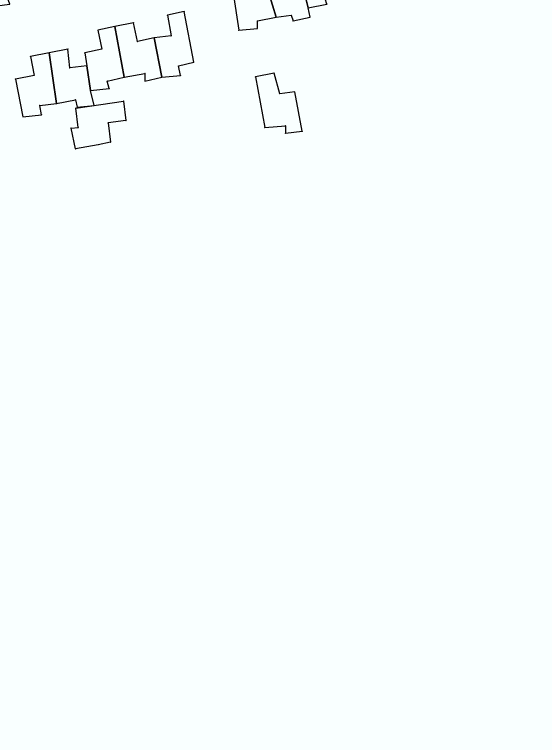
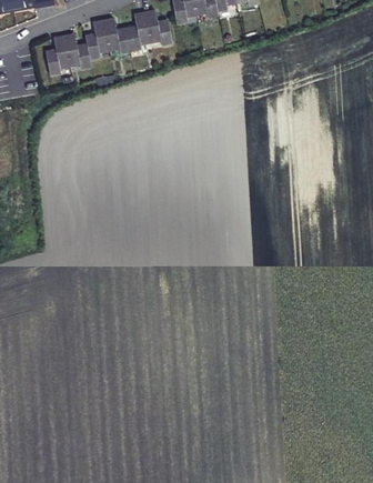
building: [255,73,302,133] -> [145,9,173,44]
building: [71,101,126,149] -> none

